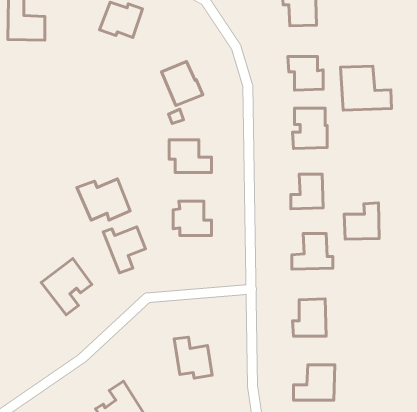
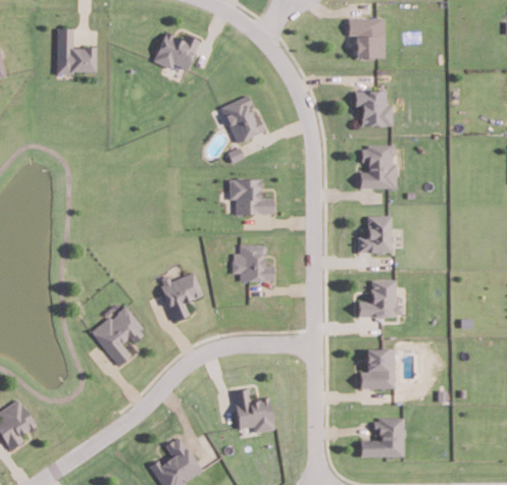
building: [341,66,391,110] -> none
building: [77,179,130,220] -> none
building: [344,203,379,239] -> none

